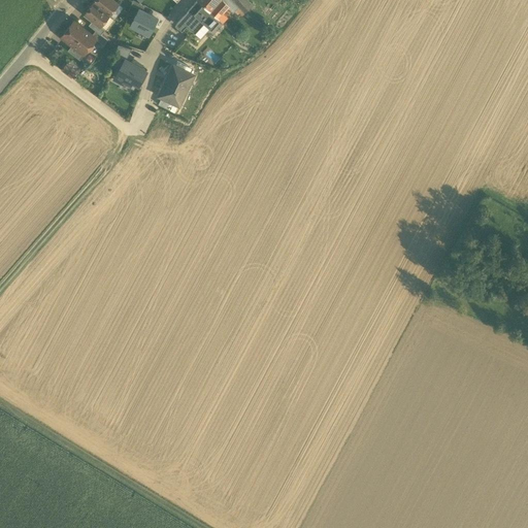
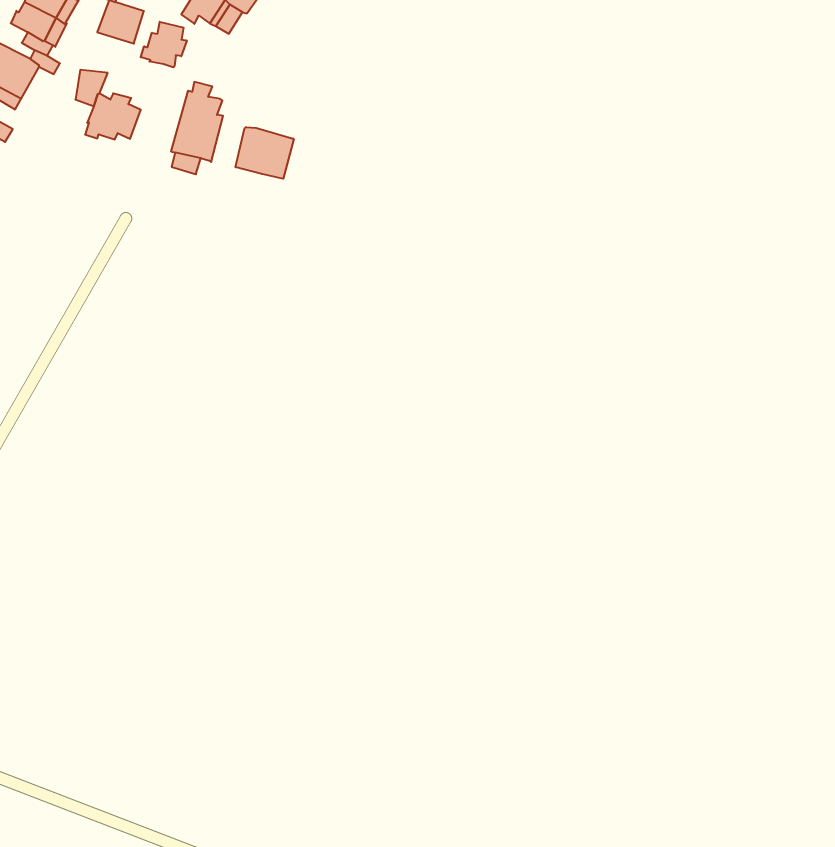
building: none -> [141,22,187,67]
building: none -> [236,127,294,179]

